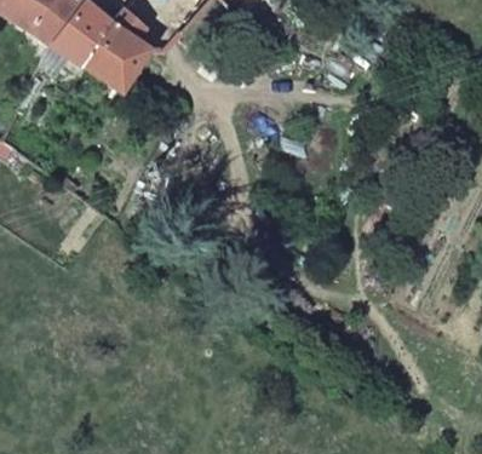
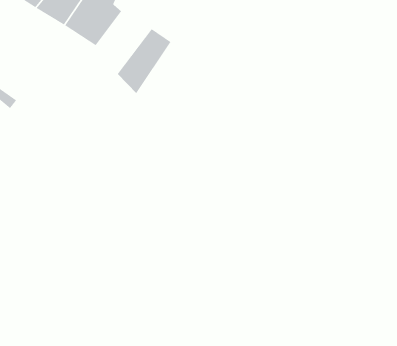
building: none -> [117,28,172,94]

